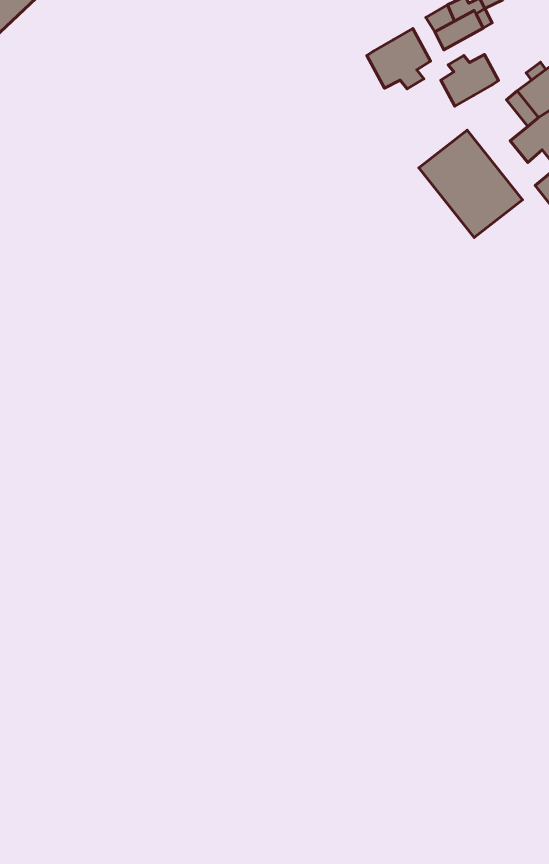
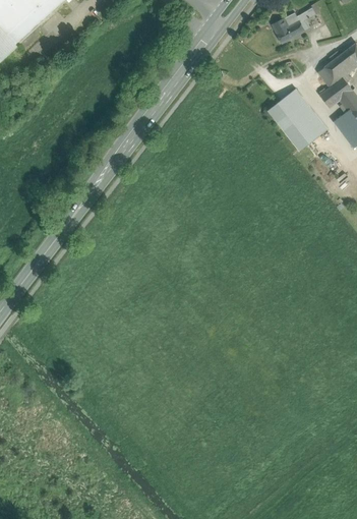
building: [367,29,430,89] -> none
building: [441,55,499,106] -> none

